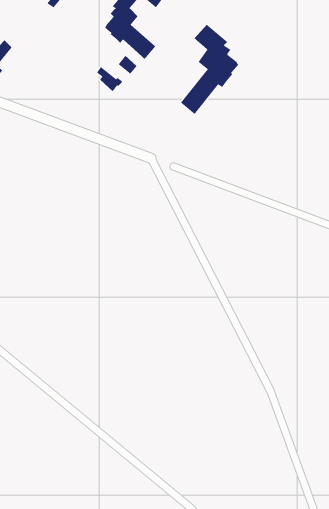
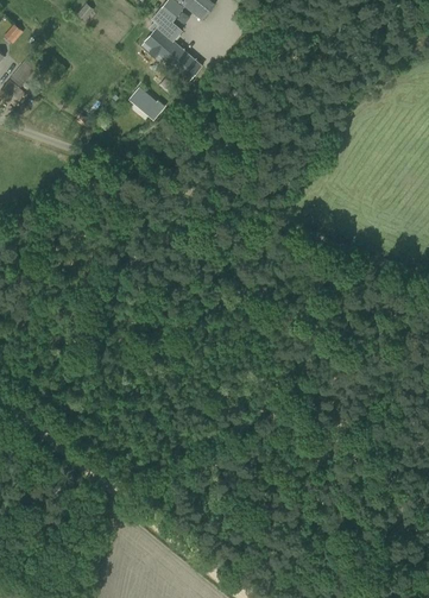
building: [180,24,239,115] -> none

